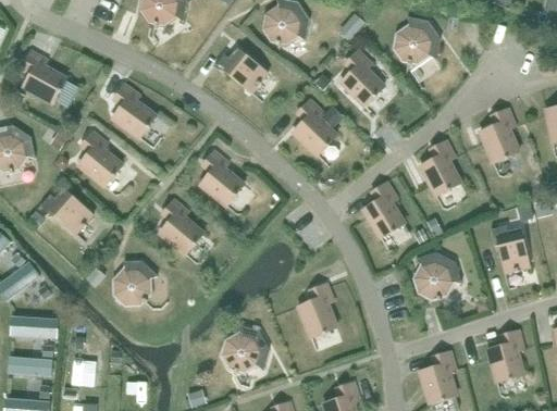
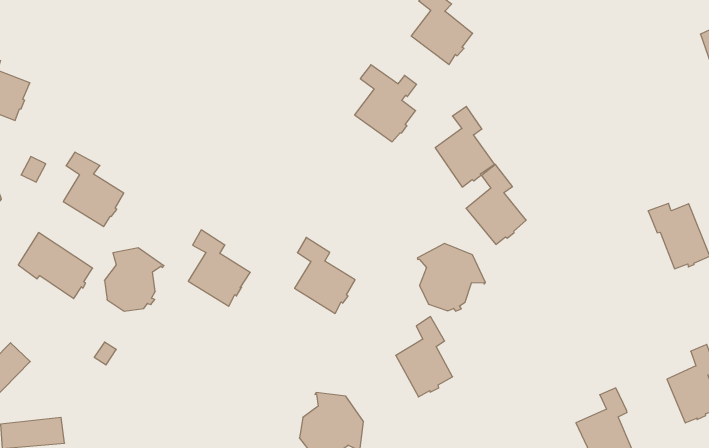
building: [214,47,268,92] -> none
building: [112,83,156,137] -> none
building: [479,108,518,162] -> none
building: [420,139,460,196] -> [435,106,495,187]
building: [200,149,244,205] -> [295,237,355,313]
building: [414,250,461,299] -> [417,243,485,311]
building: [114,260,158,303] -> [104,248,164,311]

